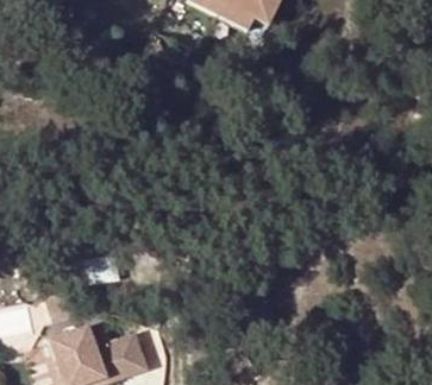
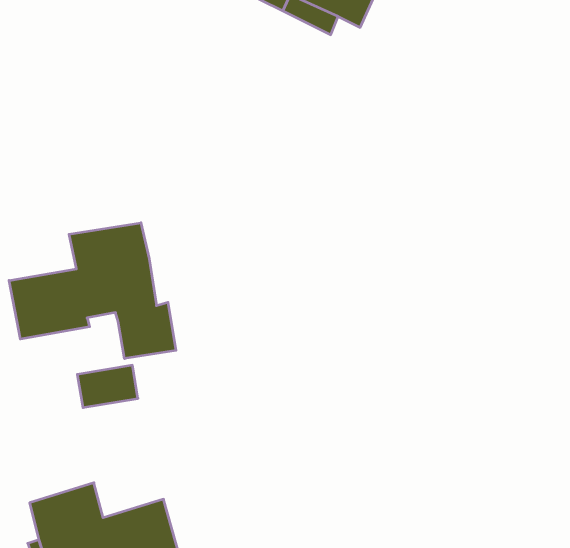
building: none -> [9,223,176,359]

